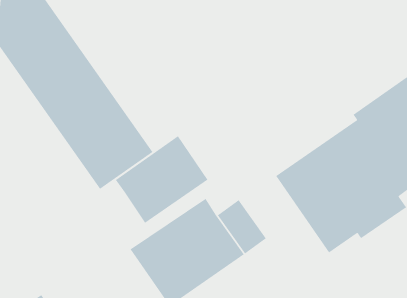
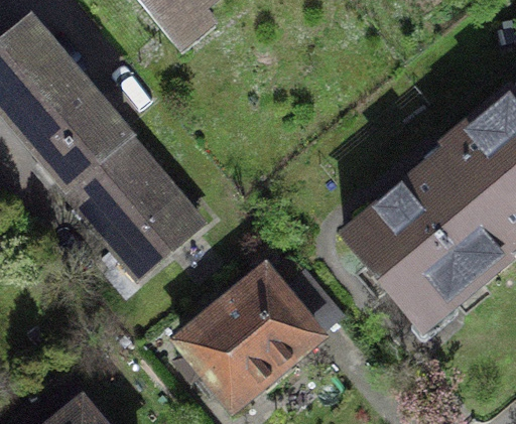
building: [115,135,208,224] -> none

